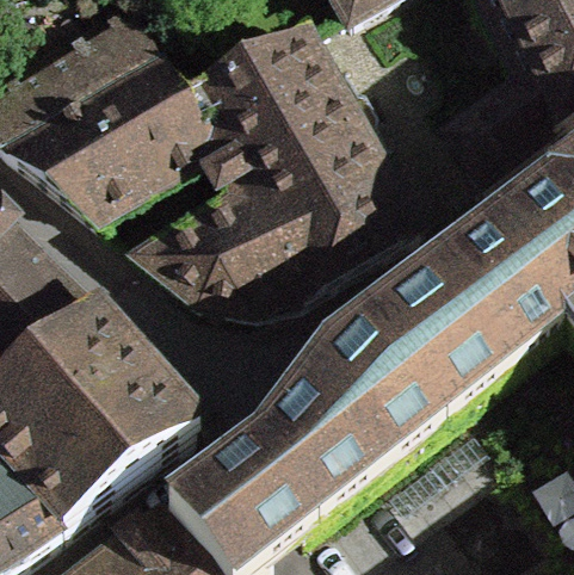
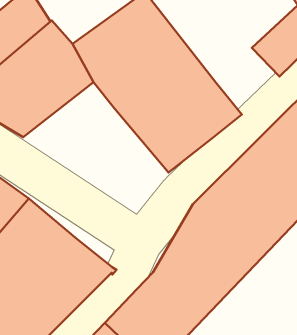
building: [137,192,296,307] -> none

